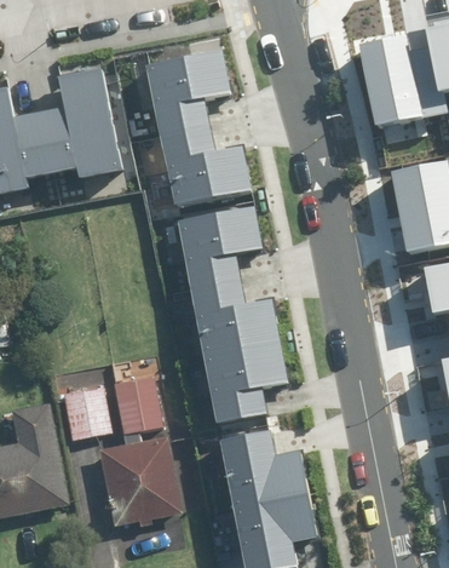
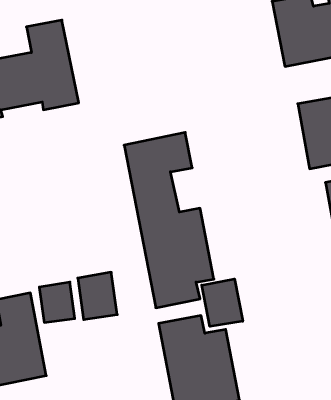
building: [143,48,249,203] -> none
building: none -> [202,279,243,326]
building: [104,437,185,526] -> none

